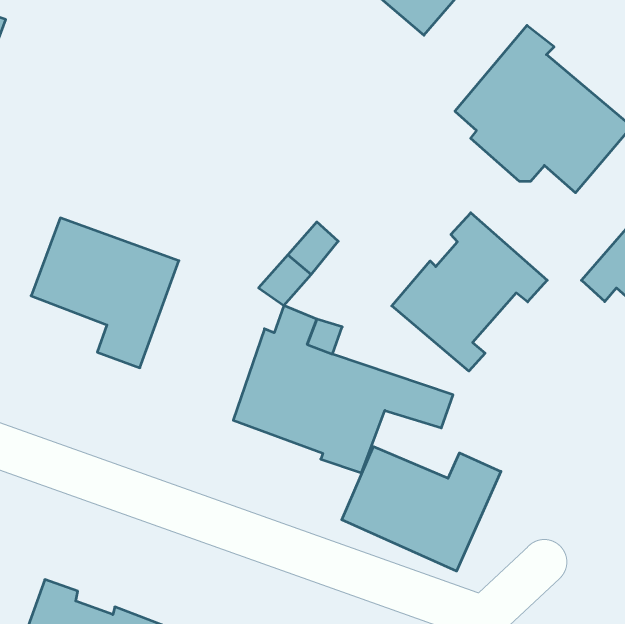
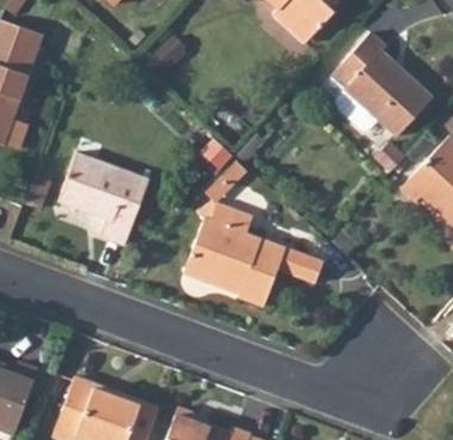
building: [392,213,547,371] -> none
building: [342,447,501,571] -> none

